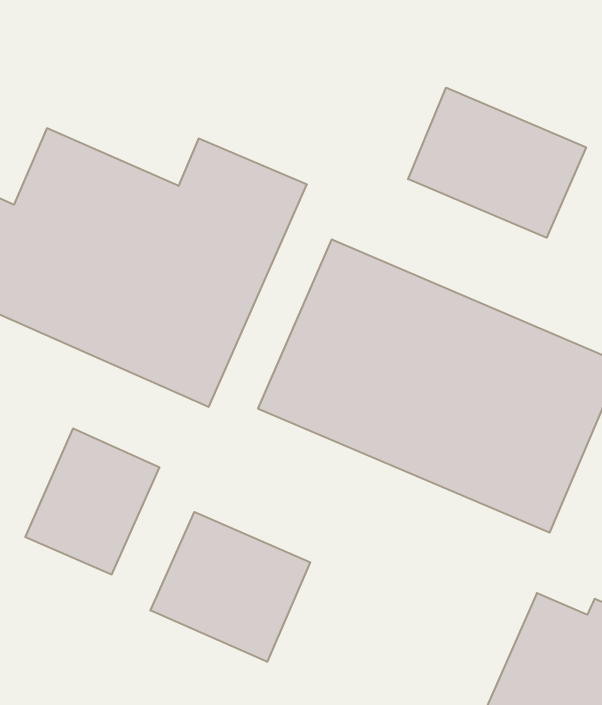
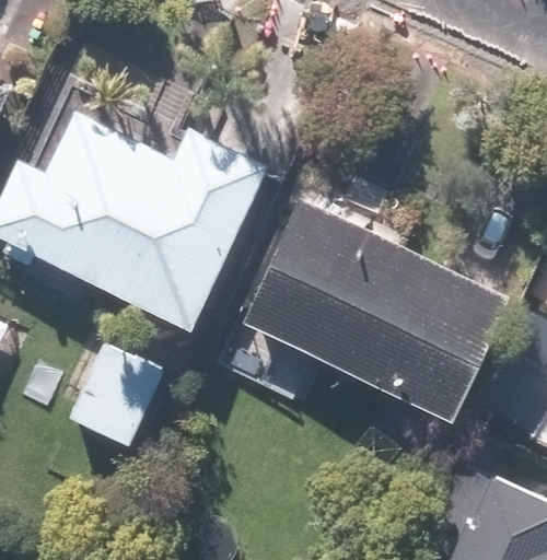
building: [408,88,586,238] -> none
building: [150,512,310,662] -> none

